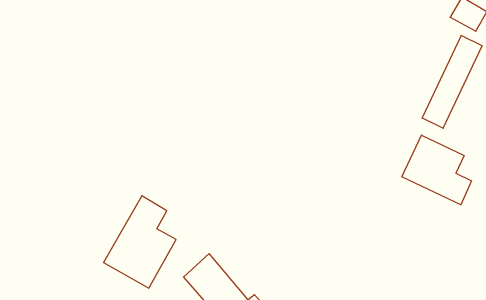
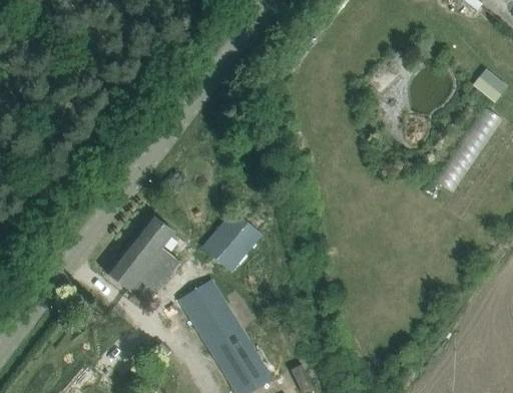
building: [402,135,472,205] -> none
building: none -> [202,204,269,274]

